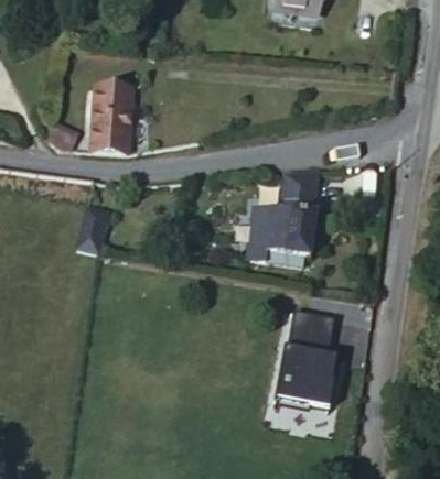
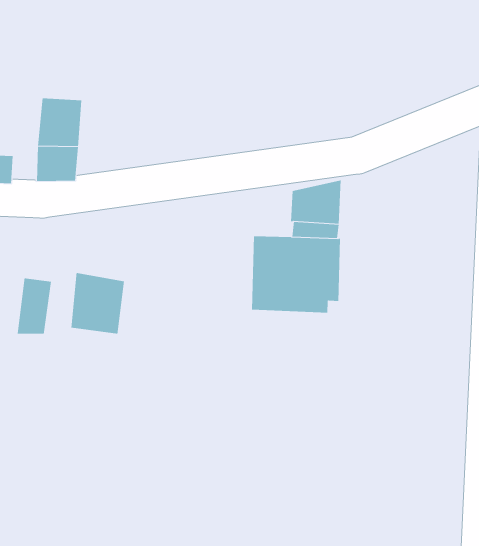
building: none -> [71,272,125,335]
building: [280,308,342,406] -> none

